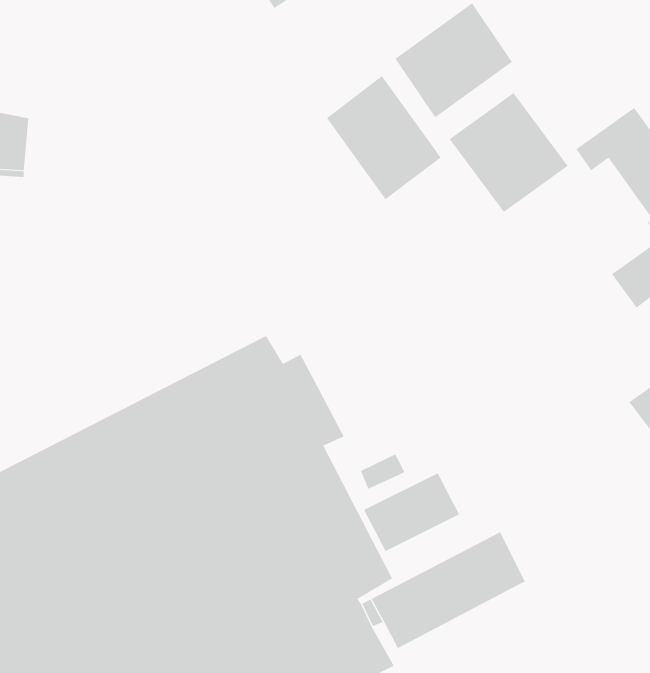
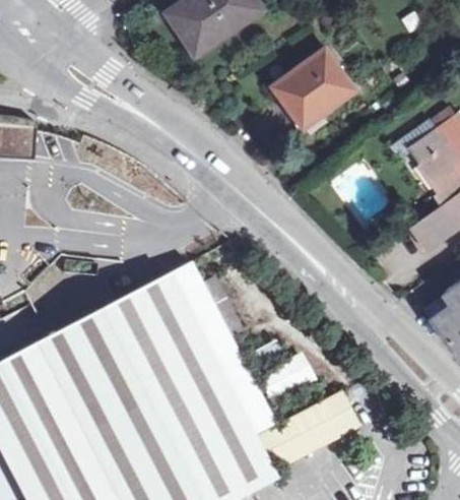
building: [326,75,441,200] -> none
building: [449,92,569,213] -> none

